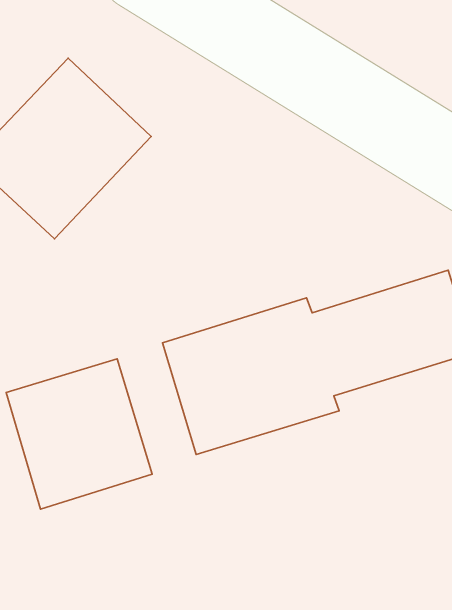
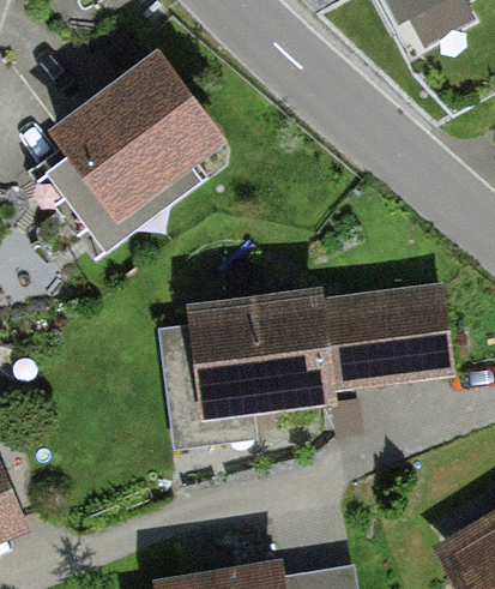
building: [6,359,152,509] -> none

